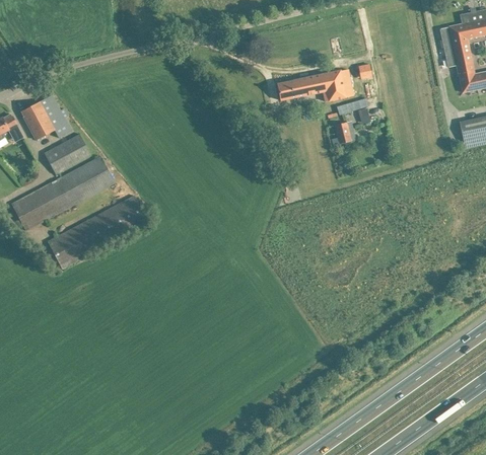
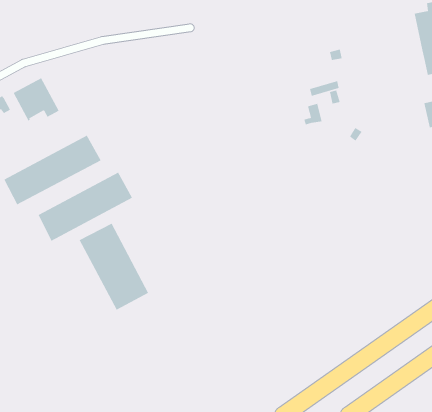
building: [277,69,353,101] -> none
building: [44,133,91,173] -> none
building: none -> [79,223,149,311]

